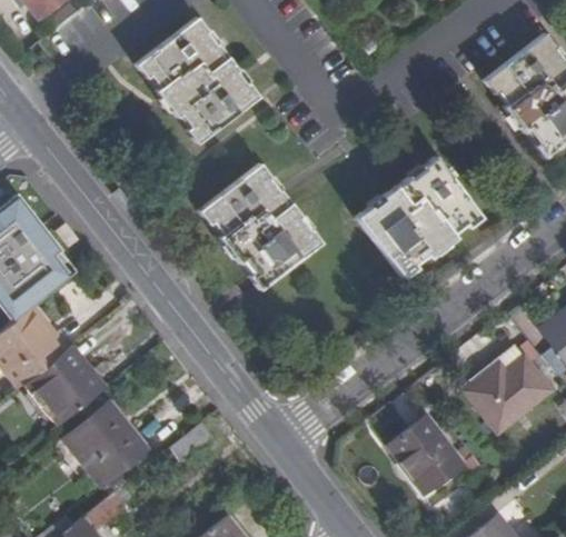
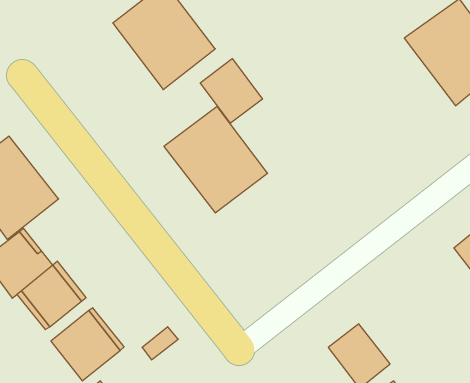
building: none -> [200,59,263,123]
building: [352,158,478,281] -> none
building: [465,352,548,432] -> none

